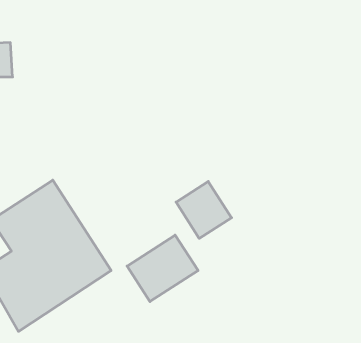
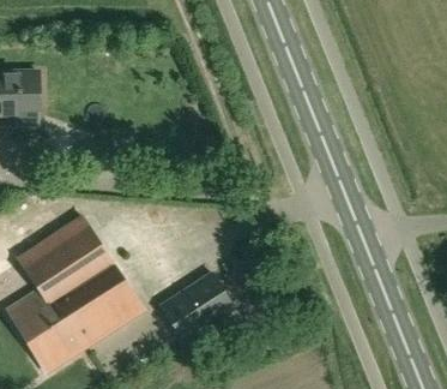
building: [176,181,232,238] -> none

